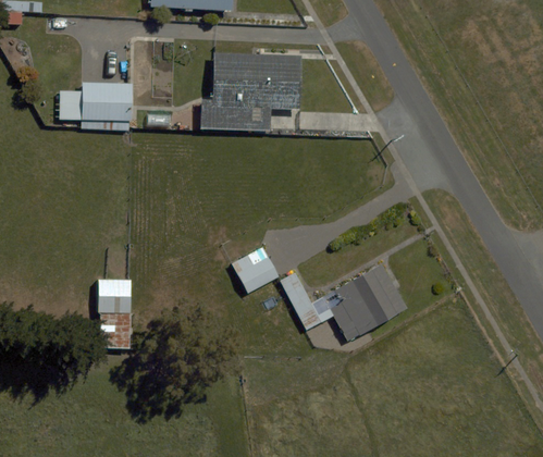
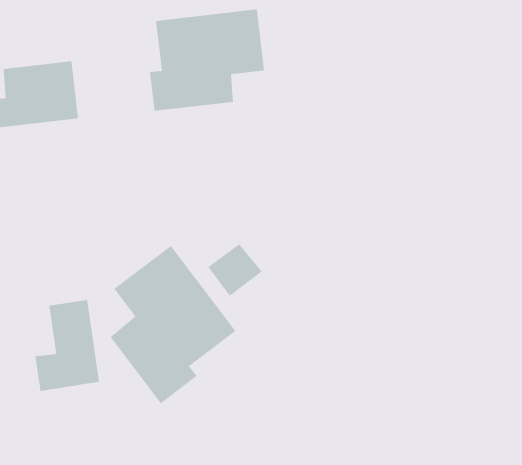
building: none -> [110,245,236,404]
building: [281,262,410,339] -> none

